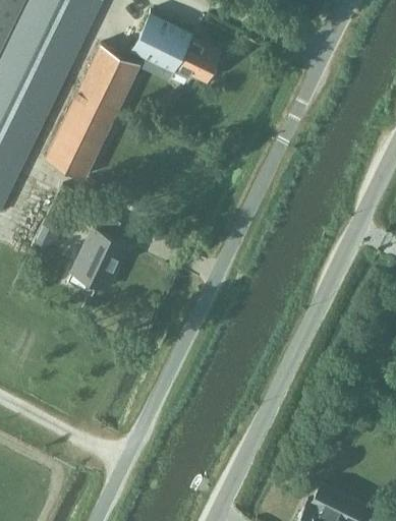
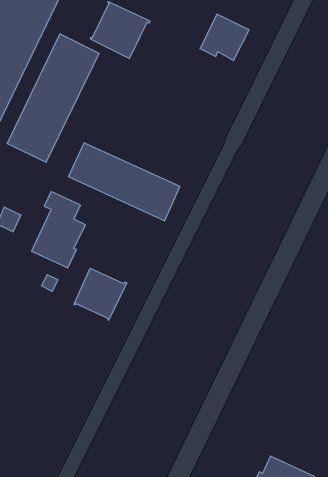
building: [171,36,222,83] -> [200,14,249,60]
building: none -> [68,143,180,221]
building: none -> [74,268,127,320]

